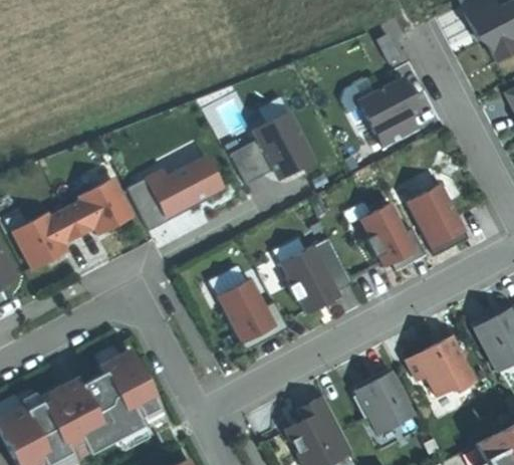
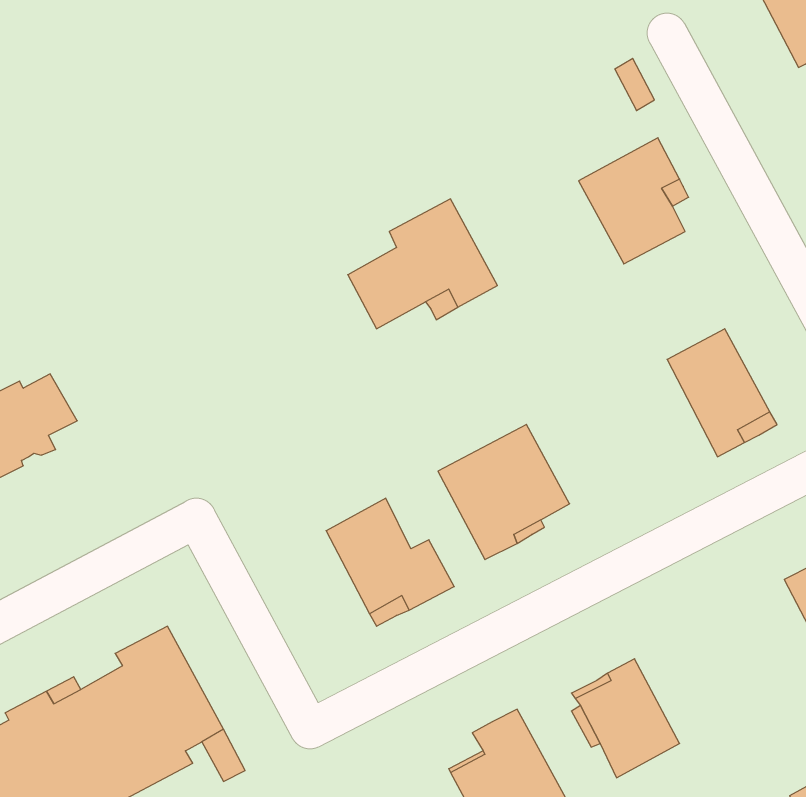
building: [127,156,222,229] -> none
building: [63,178,132,235] -> none
building: [359,203,425,268] -> none
building: [407,336,474,396] -> none

